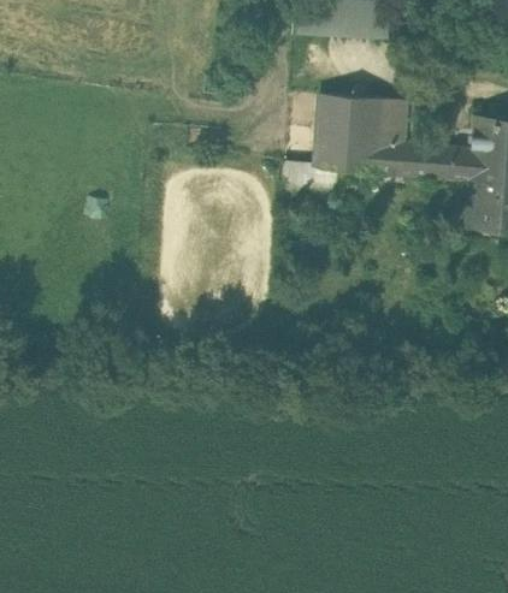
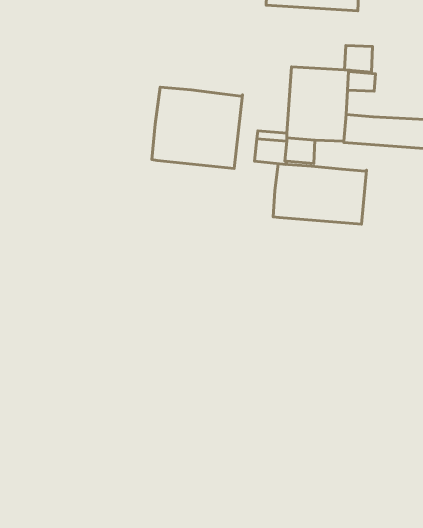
building: none -> [152,87,242,169]
building: [377,118,406,146] -> [345,45,373,72]
building: none -> [273,164,367,224]

